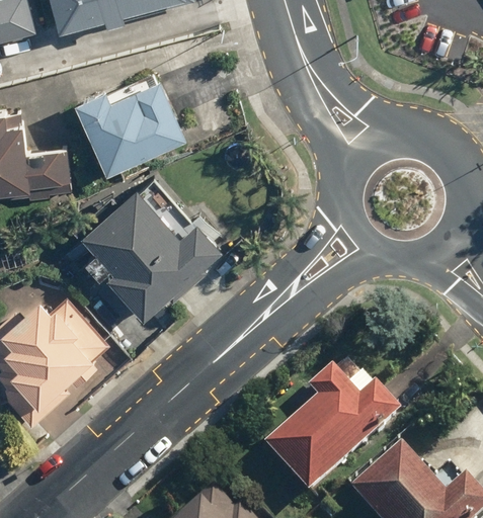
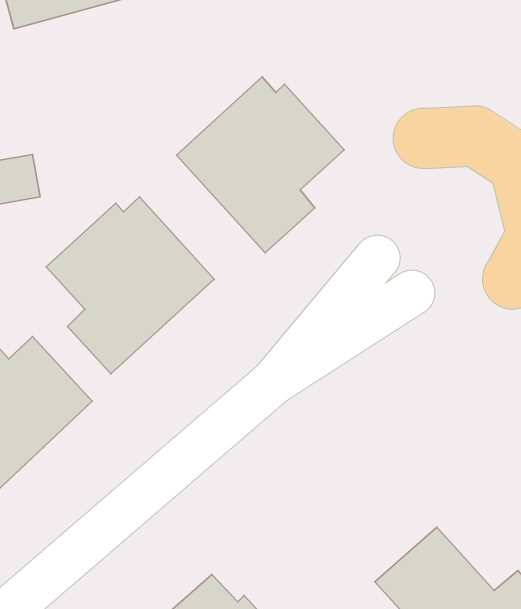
building: [72,78,184,176] -> none
building: none -> [177,77,344,253]
building: [264,368,398,498] -> none

